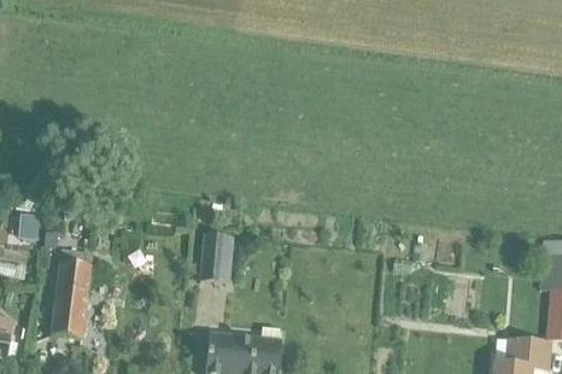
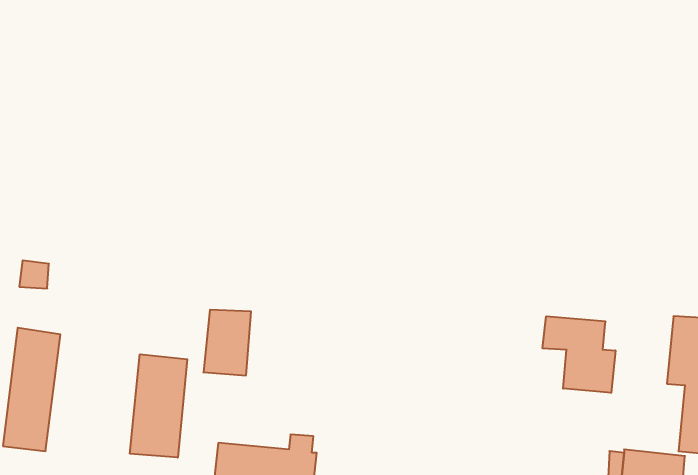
building: none -> [543,316,615,393]
building: none -> [130,354,187,458]

